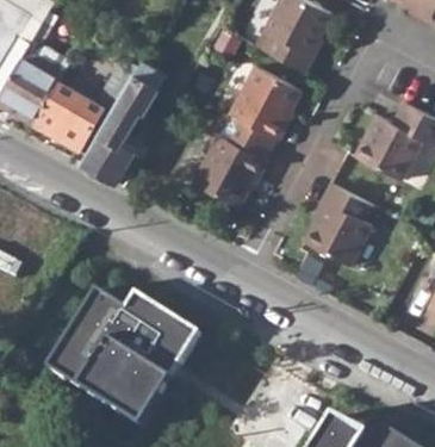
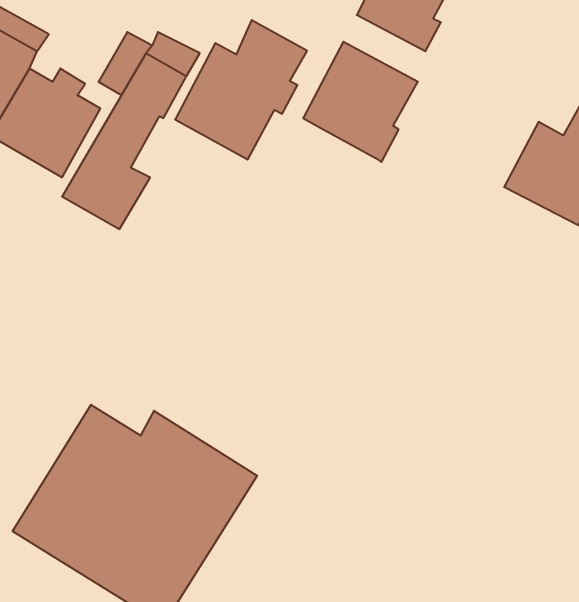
building: [193,118,275,205] -> [175,20,307,160]
building: [303,182,372,267] -> none

